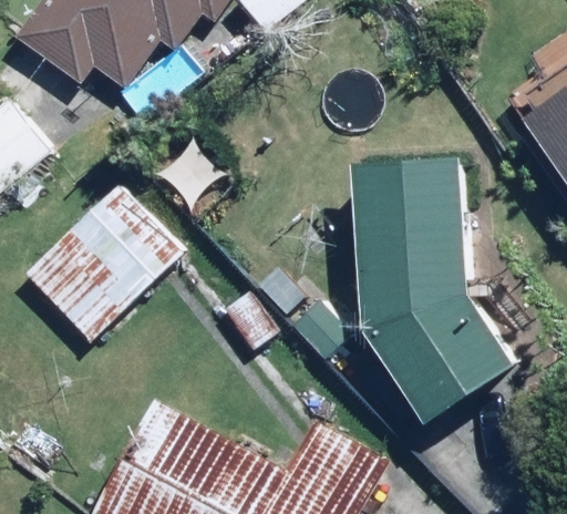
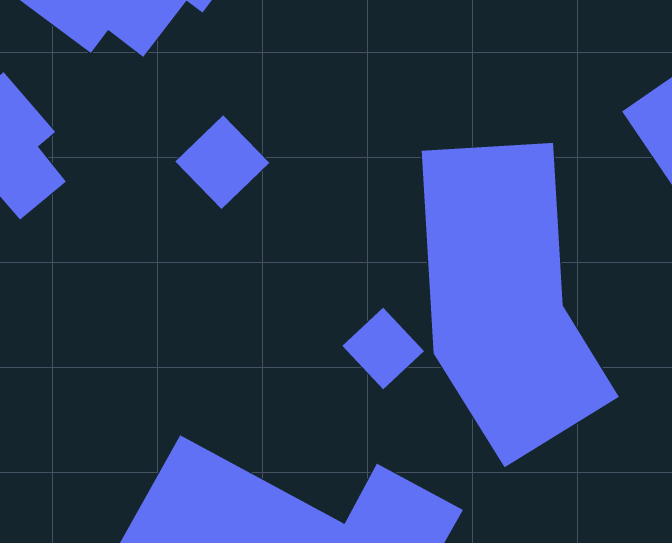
building: [24,182,186,342] -> none

